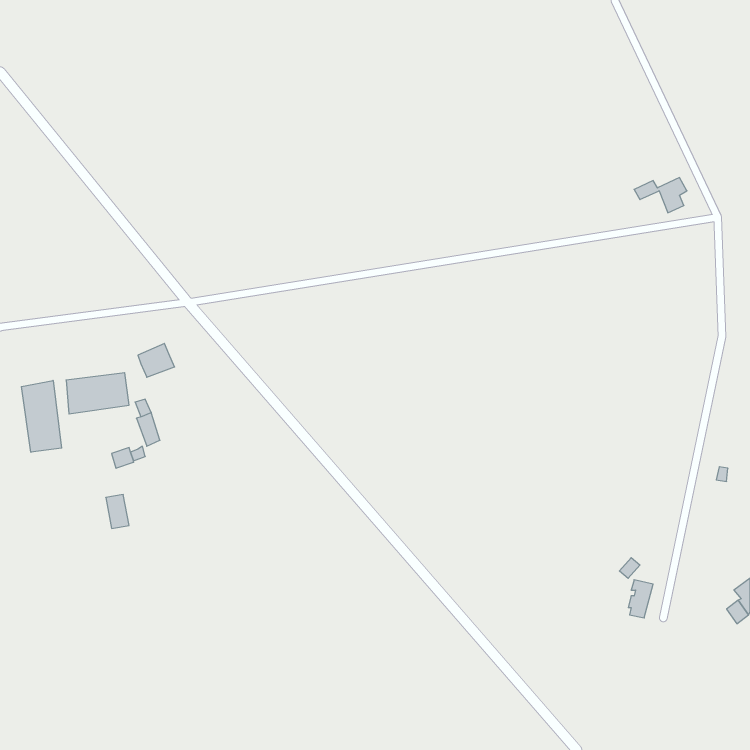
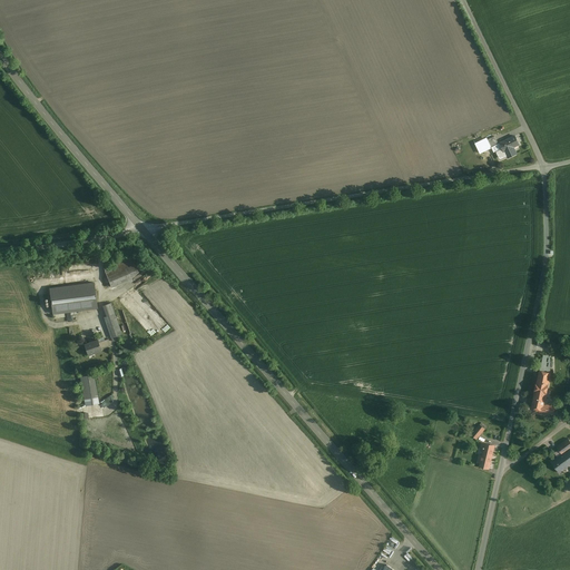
building: [21,380,62,452] -> none
building: none -> [531,370,552,412]

